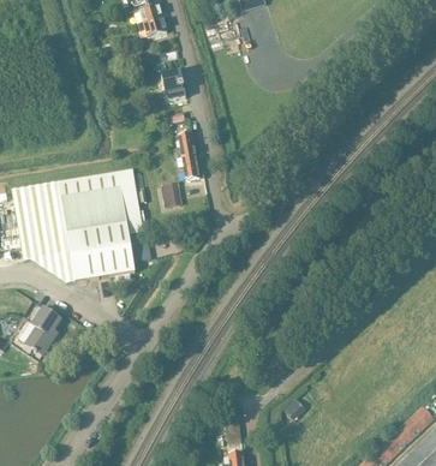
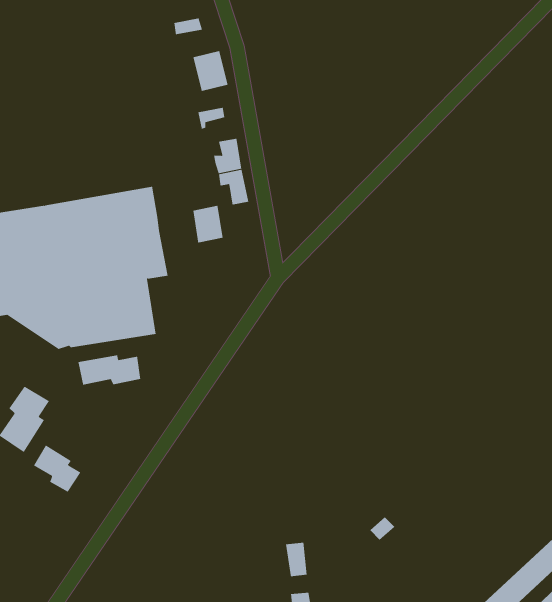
building: none -> [78,355,141,386]
building: none -> [33,444,81,493]

